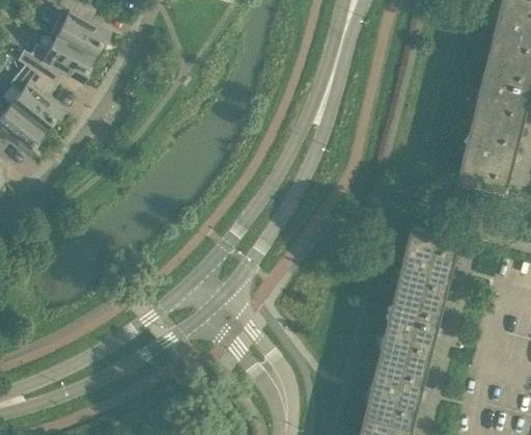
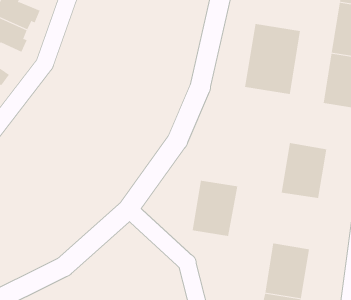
building: none -> [244,23,301,95]
building: [382,288,445,362] -> [192,180,238,236]

